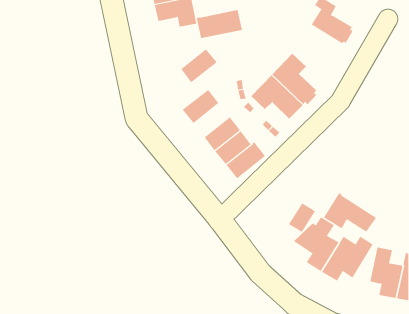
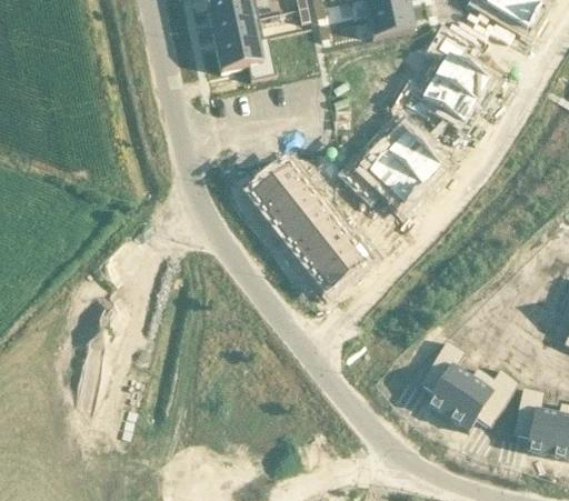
building: [196,9,242,39] -> none
building: none -> [400,73,472,122]
building: [180,48,217,83] -> [267,181,318,229]
building: [323,192,377,233] -> none
building: [288,202,316,233] -> none

